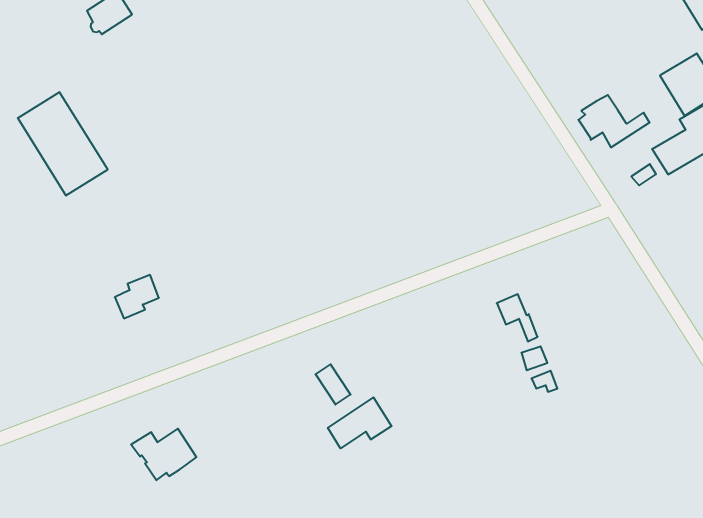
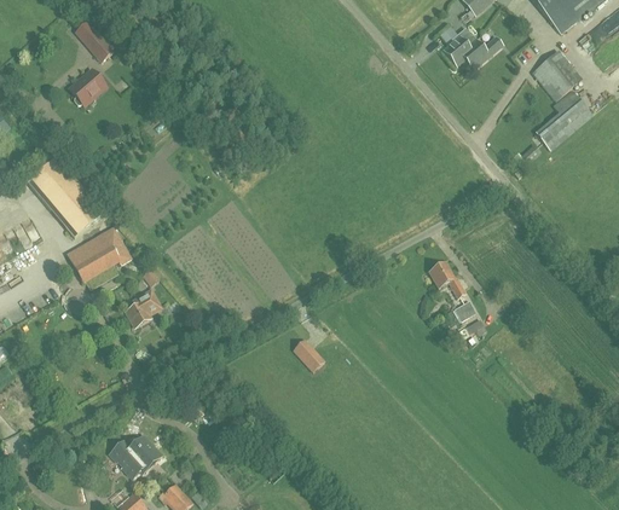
building: [578,95,650,147] -> [445,28,502,69]
building: none -> [68,226,132,282]
building: [328,397,391,448] -> none
building: [131,429,196,480] -> [109,435,162,479]

